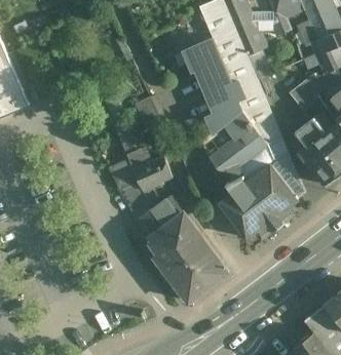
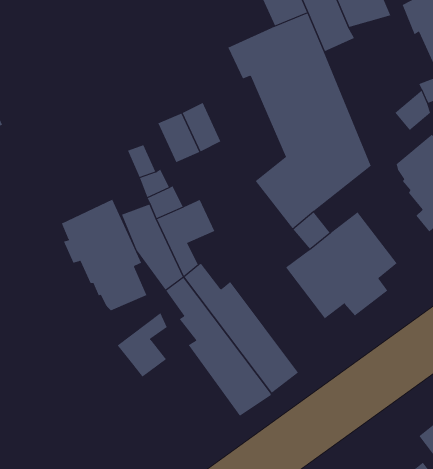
building: none -> [61,199,147,311]
building: none -> [117,312,167,378]

